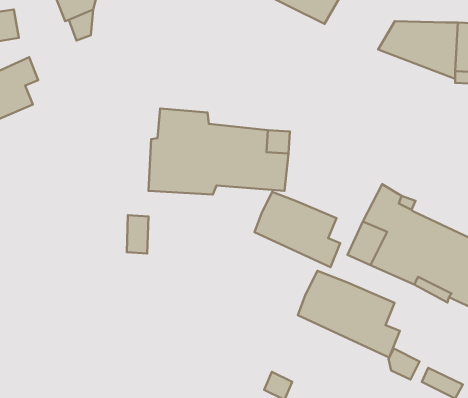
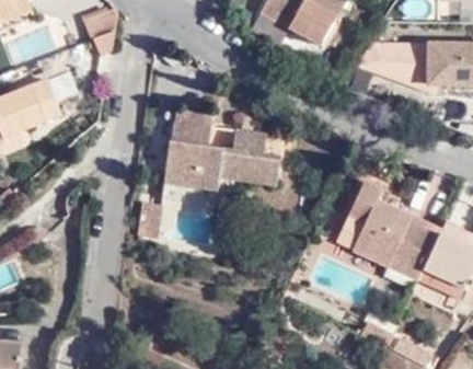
building: [254,192,340,267] -> none
building: [298,271,400,357] -> none

